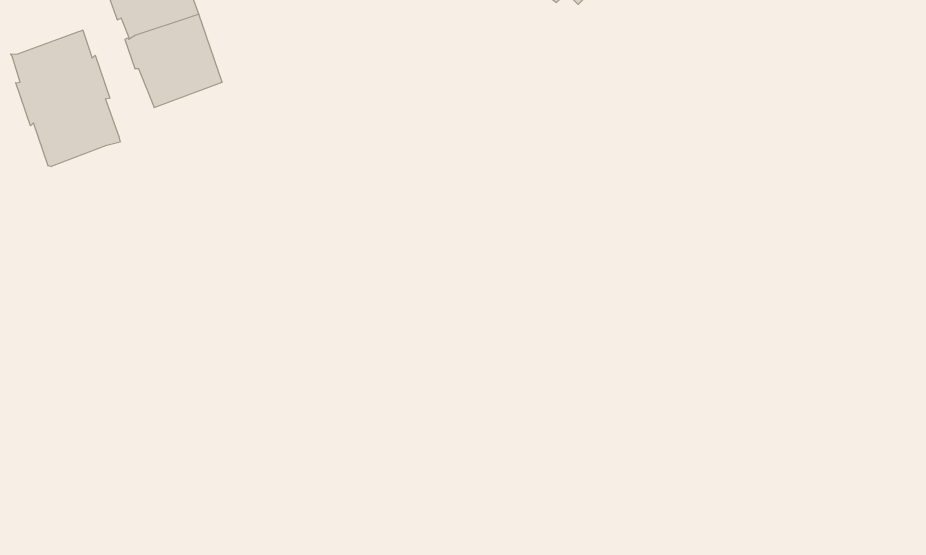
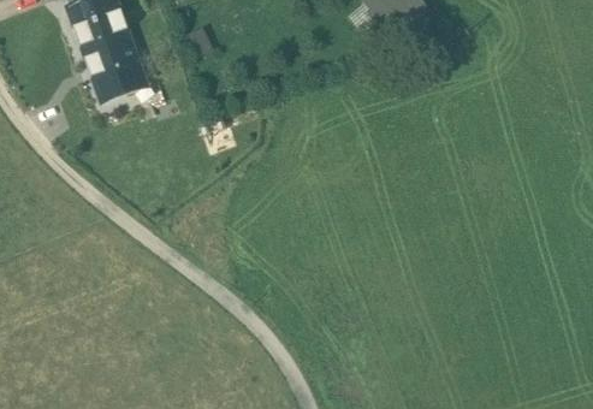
building: [11,30,120,167] -> none

